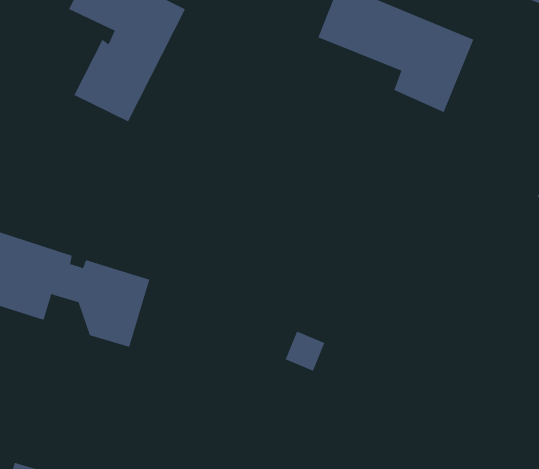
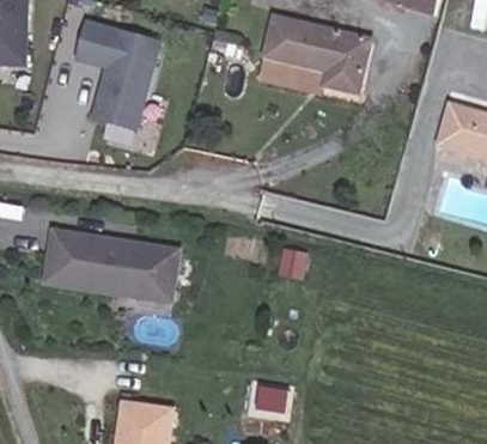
building: none -> [256,56,324,93]

